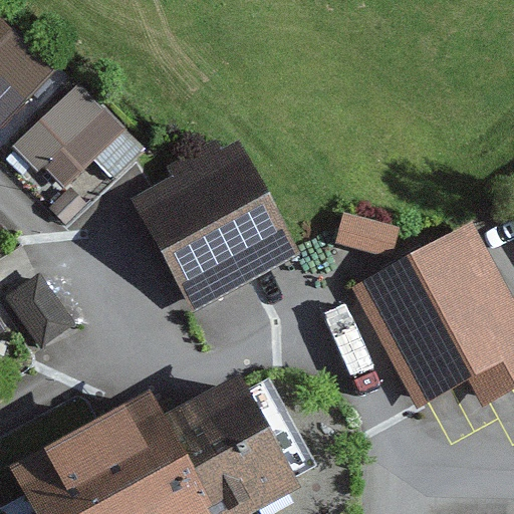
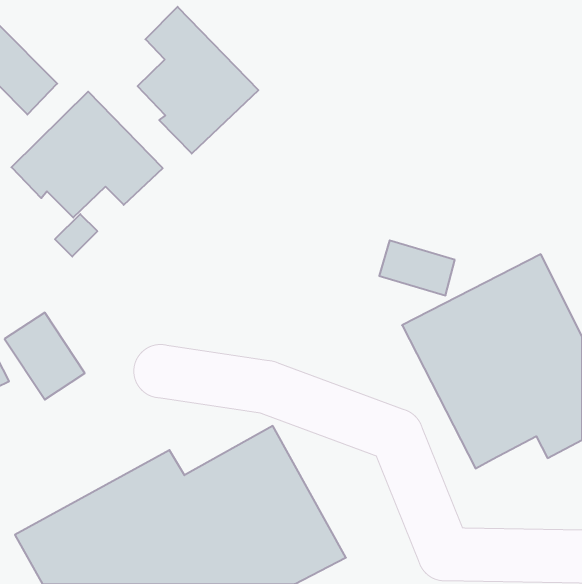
building: none -> [138,7,258,154]
building: [132,142,300,311] -> none

